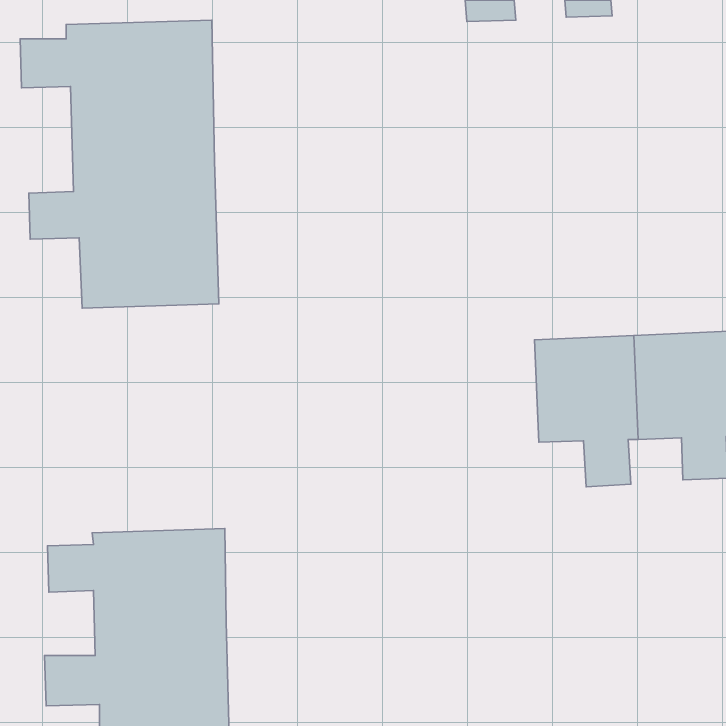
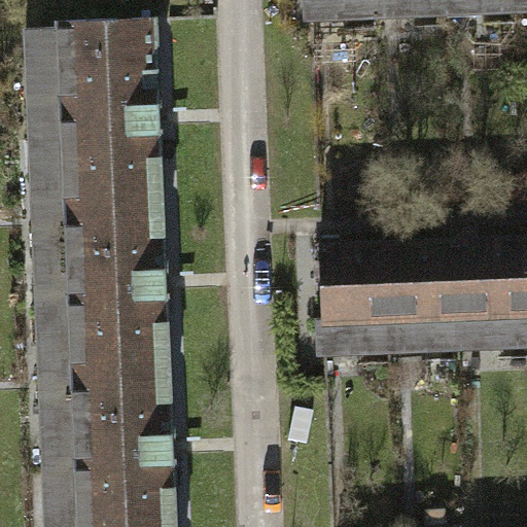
building: none -> [33,224,168,388]
building: none -> [317,250,392,358]

